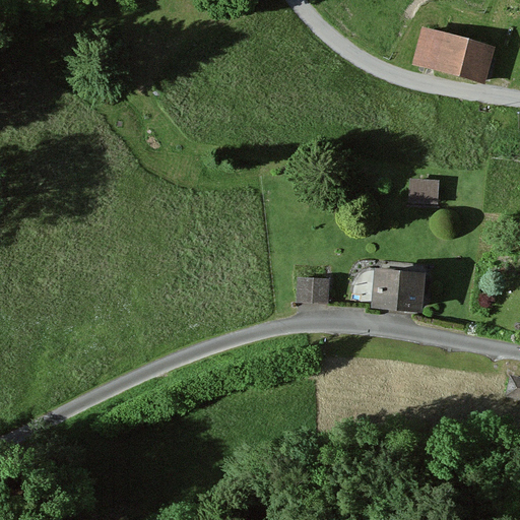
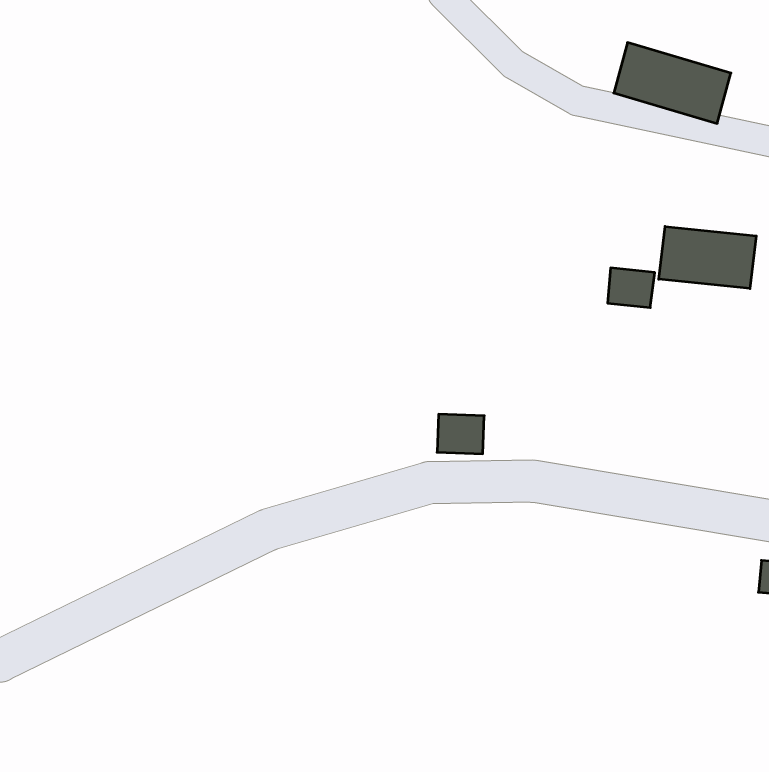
building: none -> [659,226,756,289]
building: [368,268,419,310] -> none

